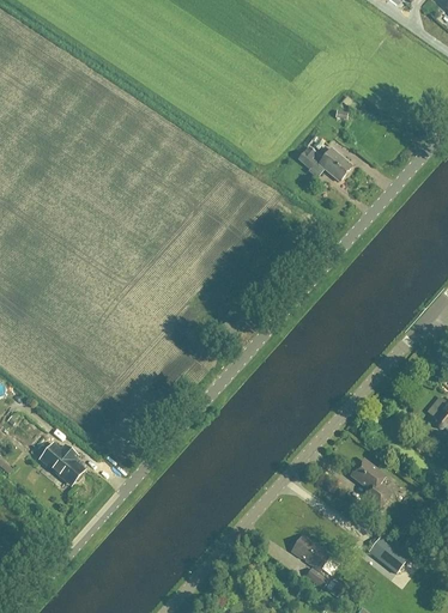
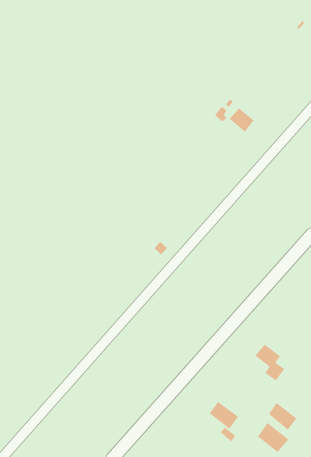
building: [38,443,83,484] -> none
building: none -> [257,422,289,453]

